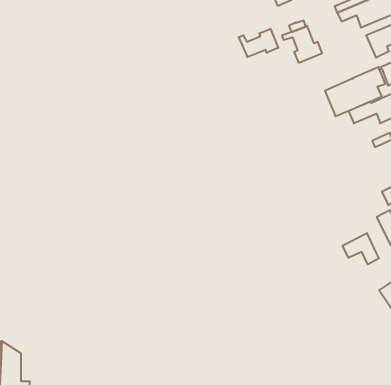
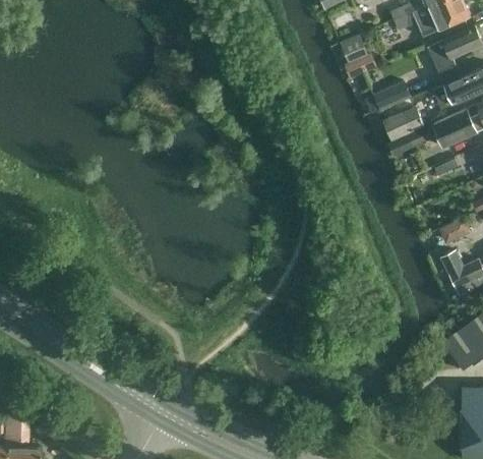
building: [239,29,278,57] -> none
building: none -> [364,80,413,115]
building: [343,233,379,264] -> none

